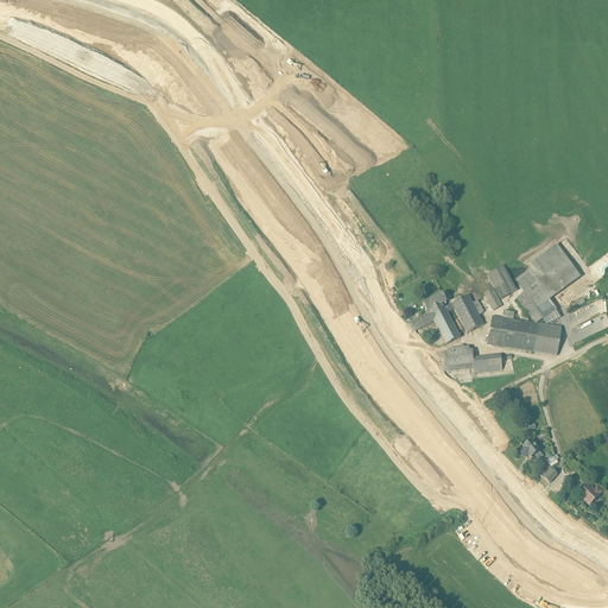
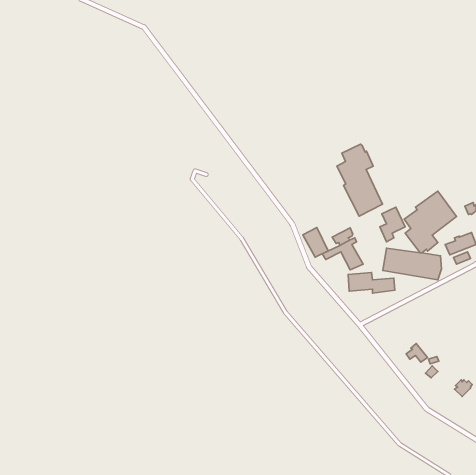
building: none -> [337,144,383,216]
building: [451,293,483,331] -> [303,227,328,257]

